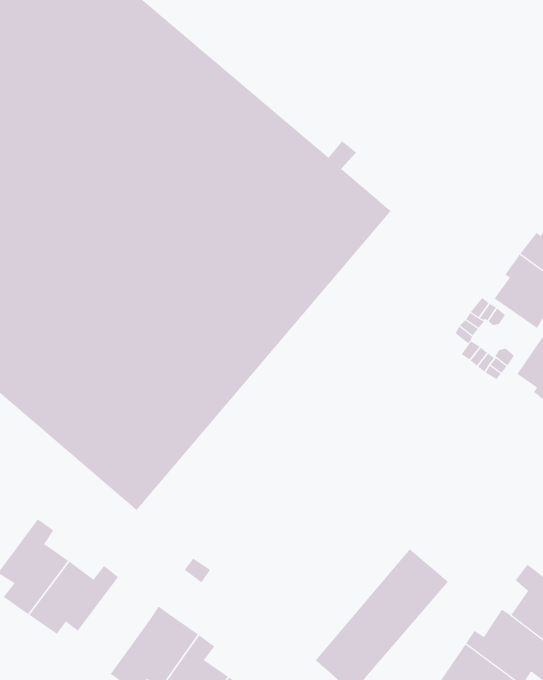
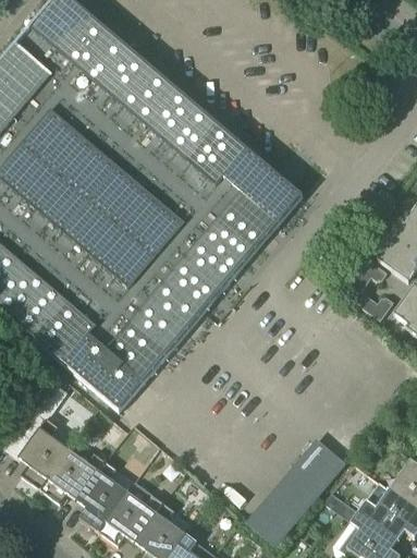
building: none -> [76,460,134,530]

